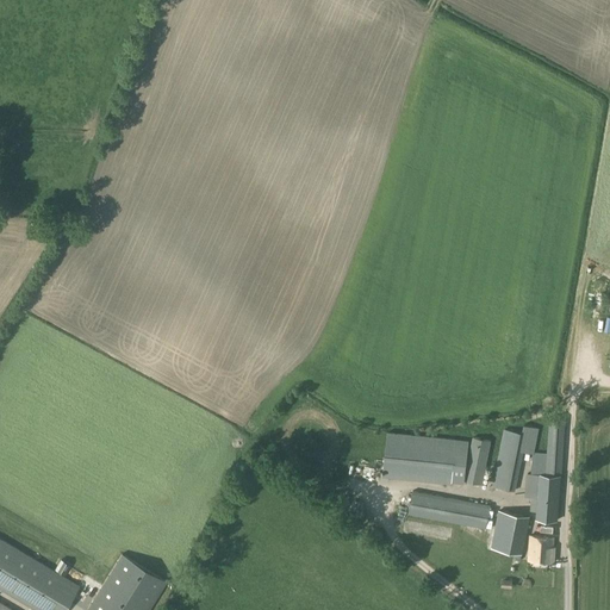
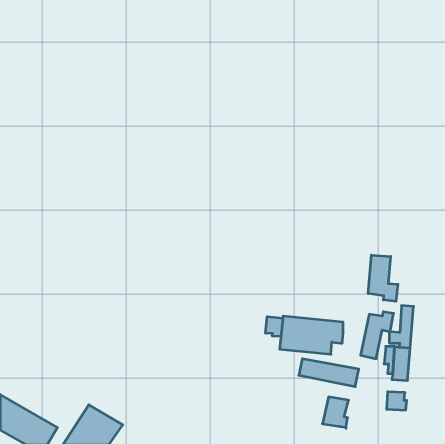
building: none -> [368,255,398,301]
building: none -> [266,317,283,337]
building: [463,438,492,485] -> none
building: [491,512,527,555] -> [322,397,349,428]

